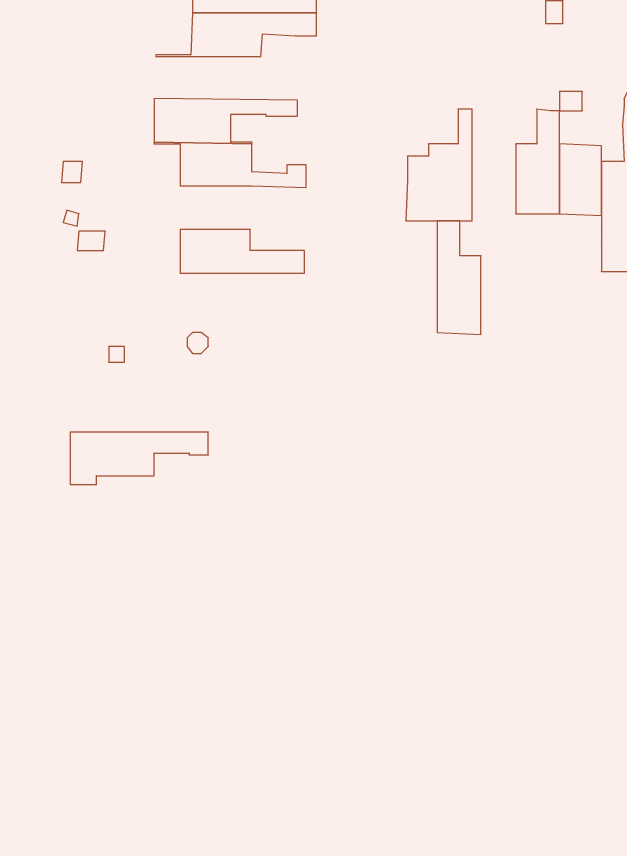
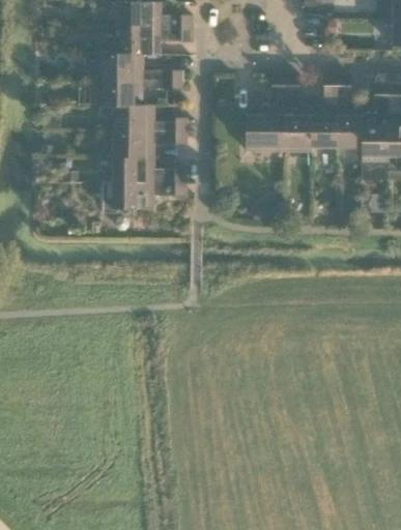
building: none -> [97,55,182,81]
building: none -> [113,131,188,157]
building: [437,221,481,334] -> [286,86,312,153]
building: [70,432,208,485] -> [105,183,187,214]

